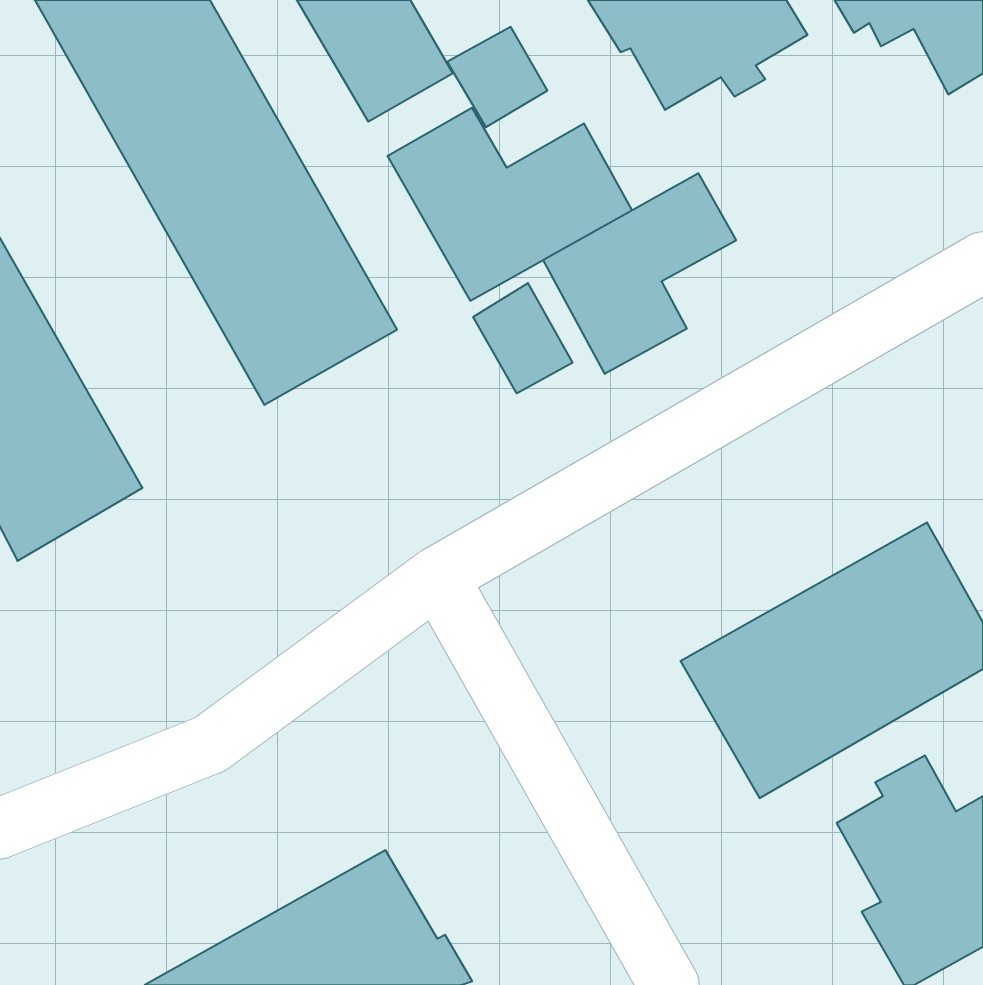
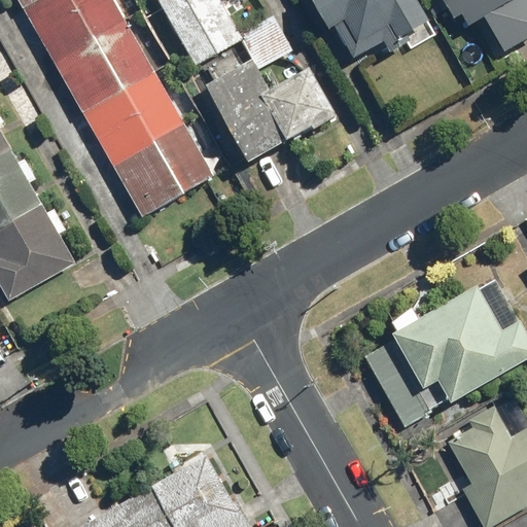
building: [543,173,736,374] -> none
building: [473,283,572,393] -> none

